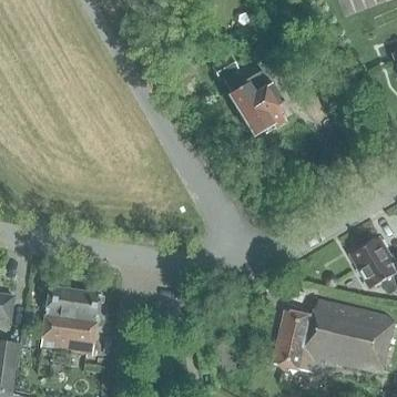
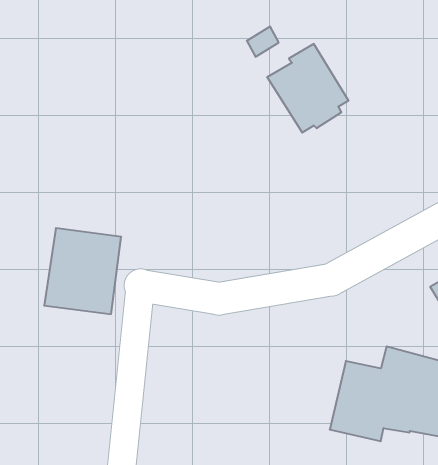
building: [40,286,99,352] -> [44,228,121,314]

